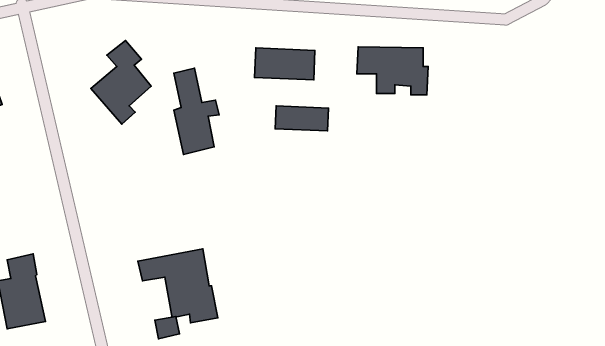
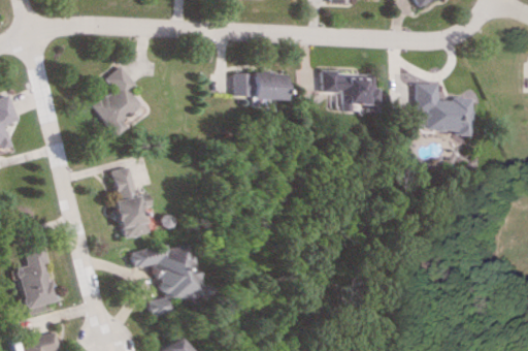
building: none -> [412,84,471,135]
building: [174,68,219,154] -> [116,166,154,238]
building: [275,106,328,131] -> none

